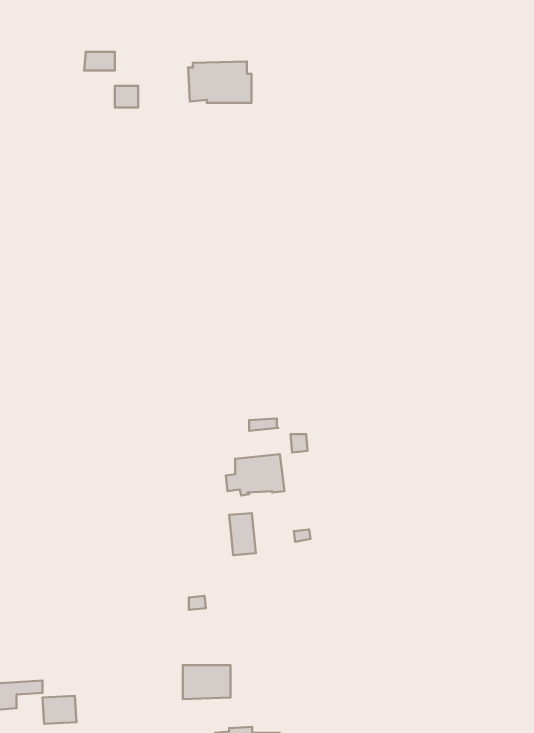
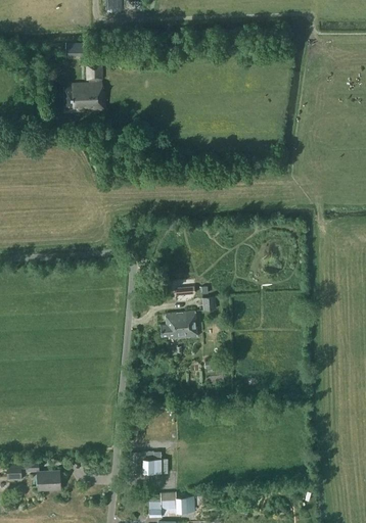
building: [188,61,251,103] -> [63,85,105,112]
building: [229,513,256,555] -> none

